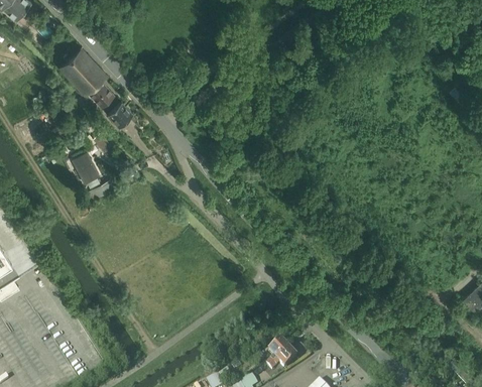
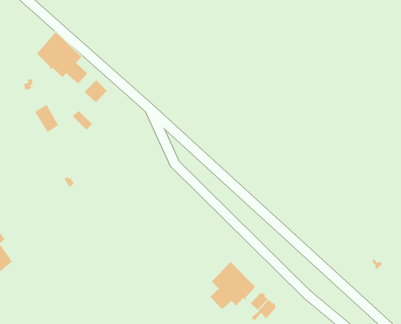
building: [74,150,99,180] -> [34,104,59,133]
building: none -> [210,261,256,310]

